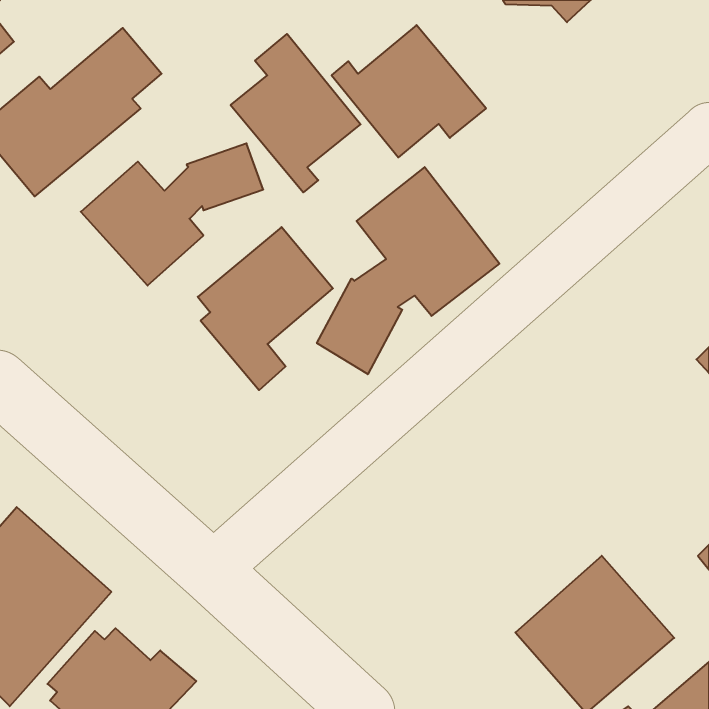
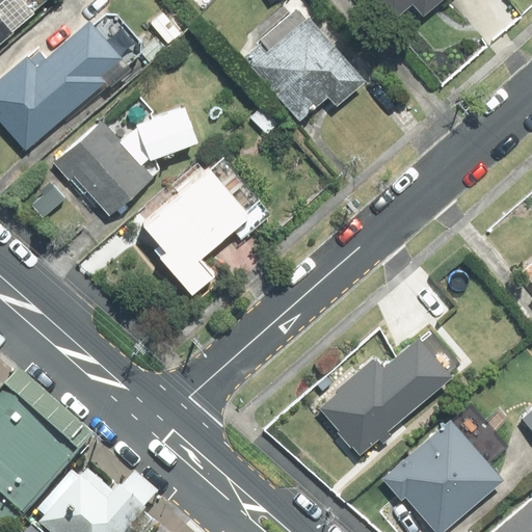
building: [231,34,361,192] -> none
building: [317,167,499,374] -> none
building: none -> [317,335,452,454]

